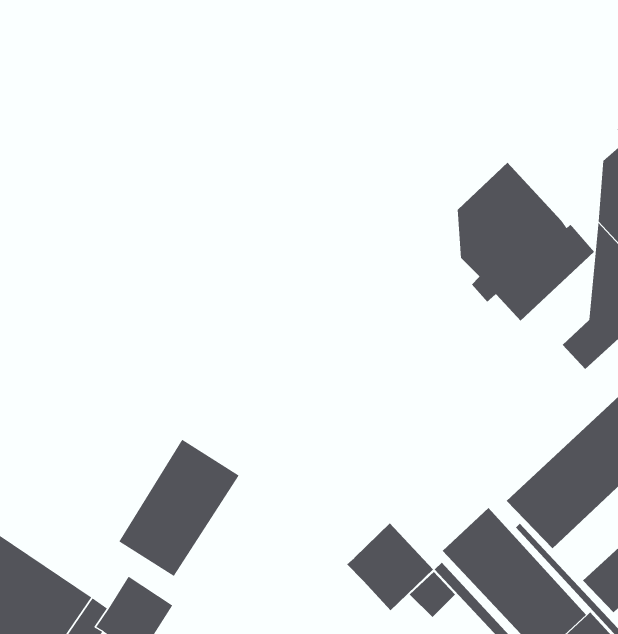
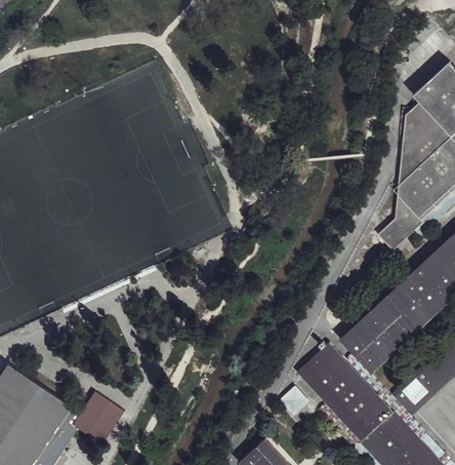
building: [457,162,595,321] -> none
building: [119,439,239,577] -> none
building: [346,522,434,611] -> none

